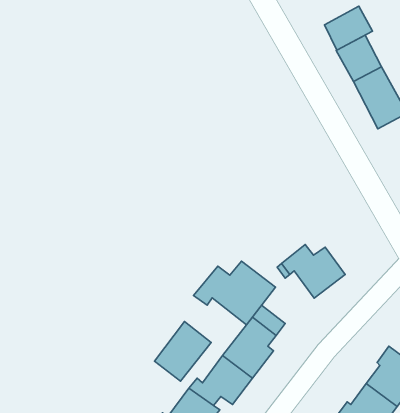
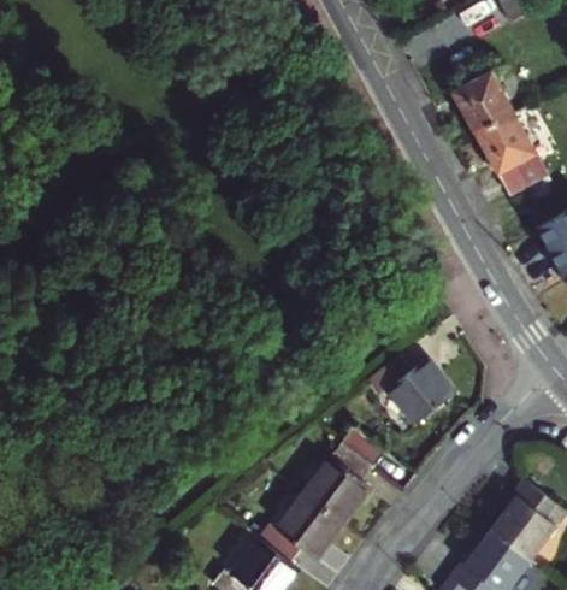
building: [325,6,373,50] -> none
building: [194,261,275,325] -> none
building: [154,322,211,381] -> none

